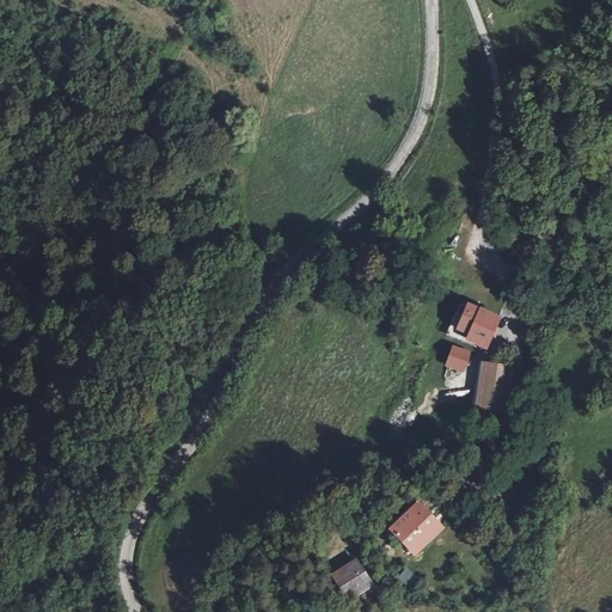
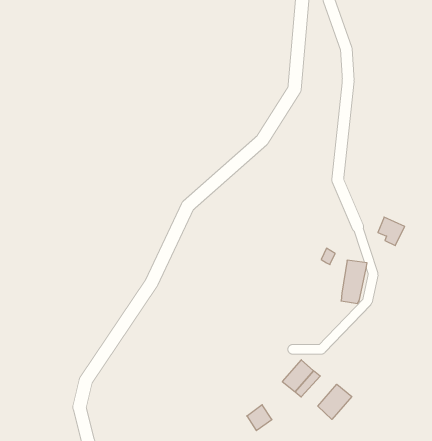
building: [454,302,491,342] -> [378,217,405,246]
building: none -> [318,384,352,419]

